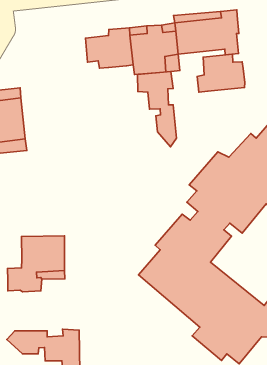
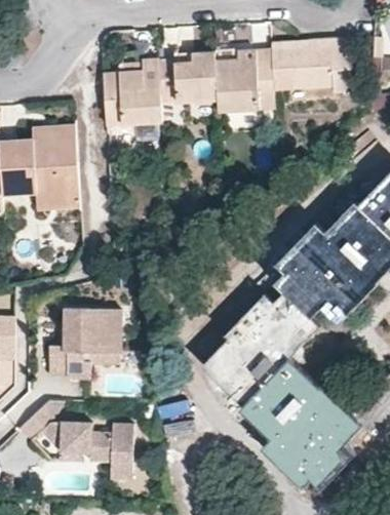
building: none -> [103,56,160,122]
building: [197,54,245,92] -> none
building: [137,72,177,147] -> none

